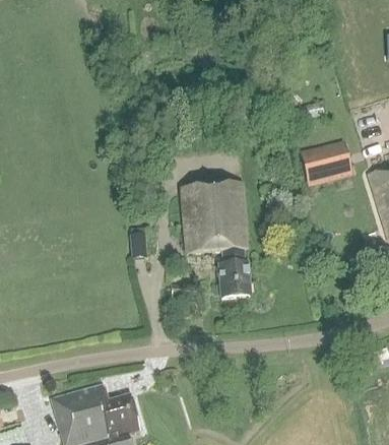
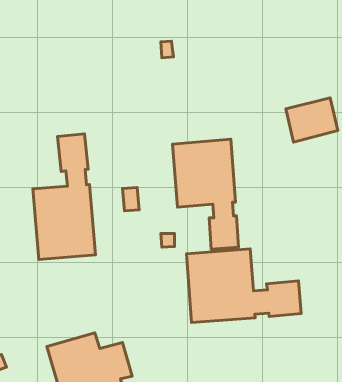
building: none -> [33,134,96,259]
building: none -> [186,249,301,323]

